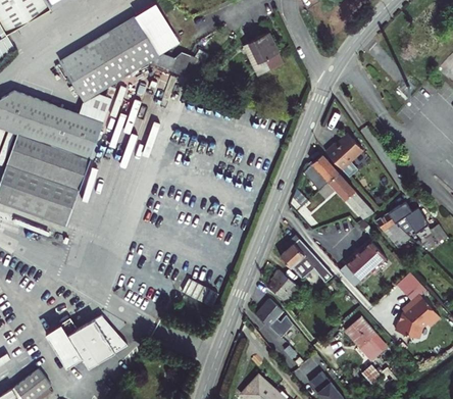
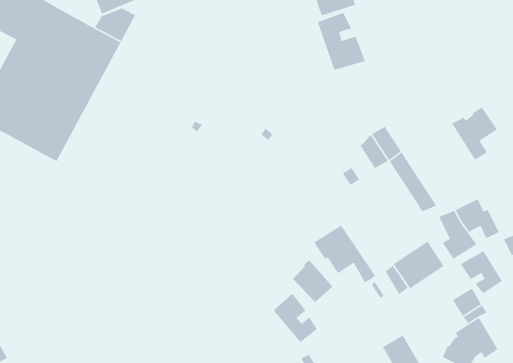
building: none -> [317,12,366,71]
building: [324,134,362,178] -> [451,107,498,161]
building: none -> [460,250,503,294]
building: [46,314,127,368] -> none

